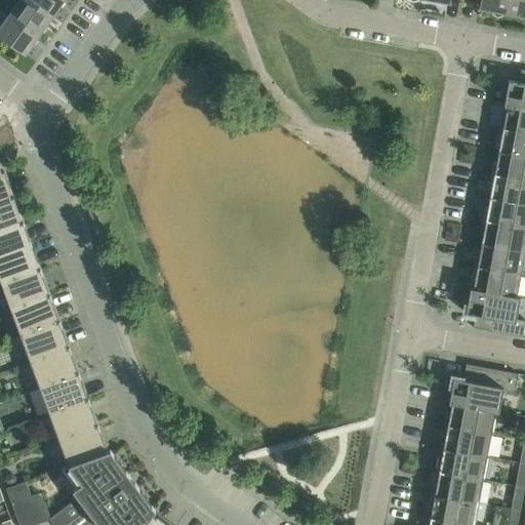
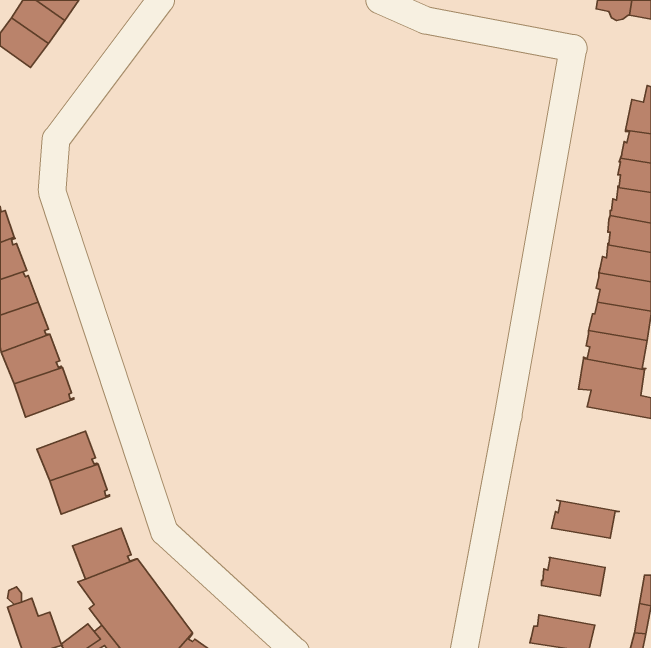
building: [21,324,69,364] -> none
building: [448,366,518,414] -> none
building: [49,402,97,442] -> none
building: [442,428,491,459] -> none
building: [434,474,483,506] -> none

